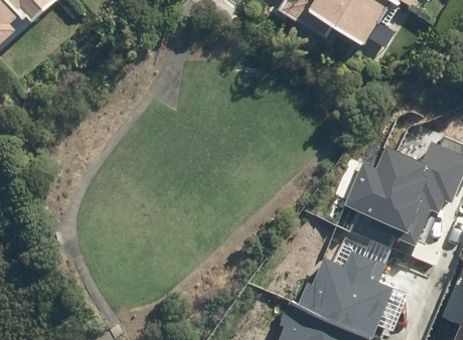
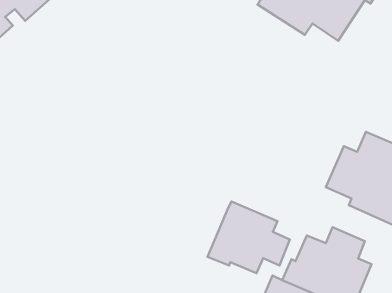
building: none -> [207,201,290,273]

